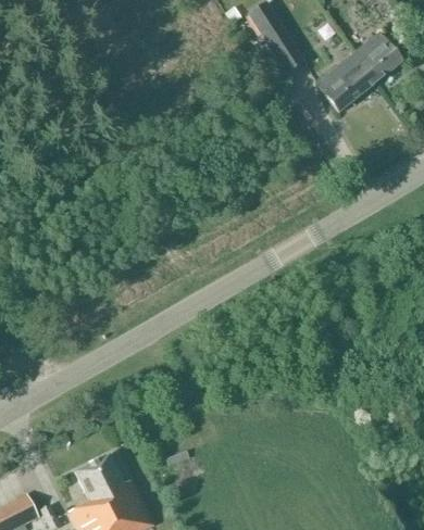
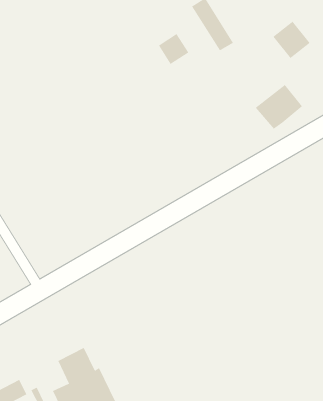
building: none -> [158,33,189,65]
building: [315,53,377,112] -> [255,84,303,130]

